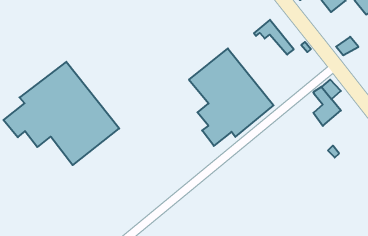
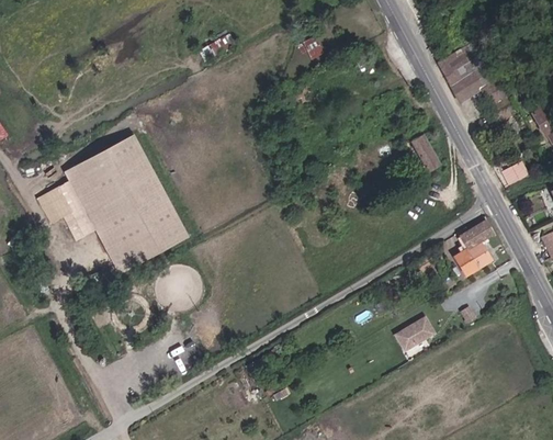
building: [189,48,274,146] -> none
building: none -> [397,316,437,350]

